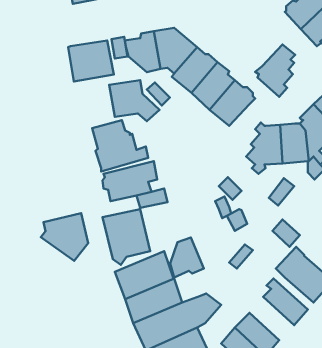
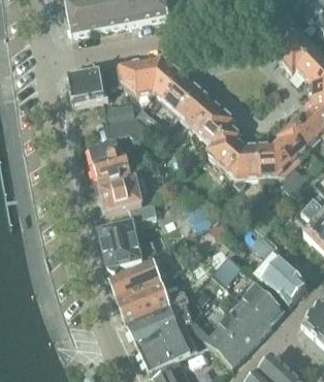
building: [255,45,295,97] -> [206,124,242,171]
building: [41,213,88,261] -> none
building: [170,238,204,277] -> none
building: none -> [231,298,271,338]

